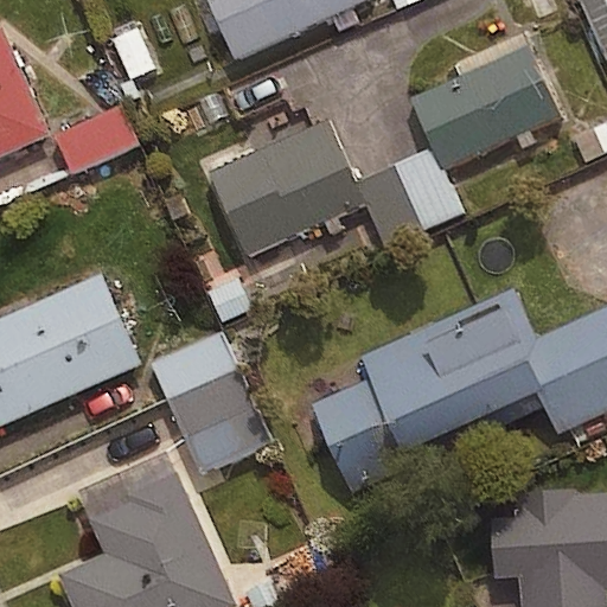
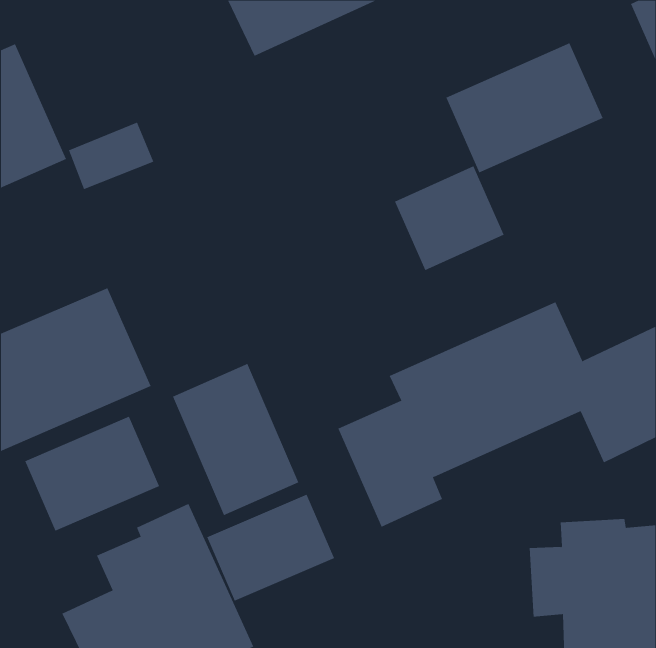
building: [210,119,363,251] -> none
building: none -> [25,416,160,532]
building: none -> [207,494,335,601]

